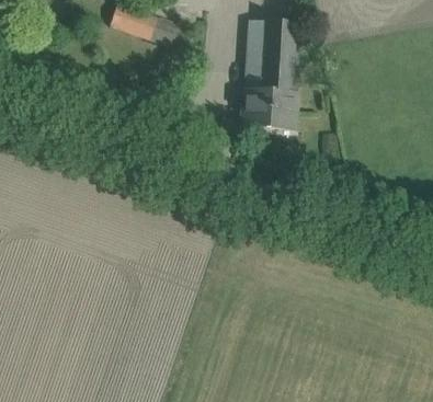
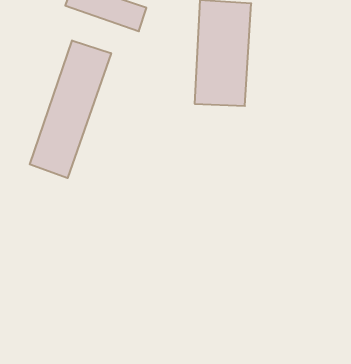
building: none -> [30,40,111,178]

